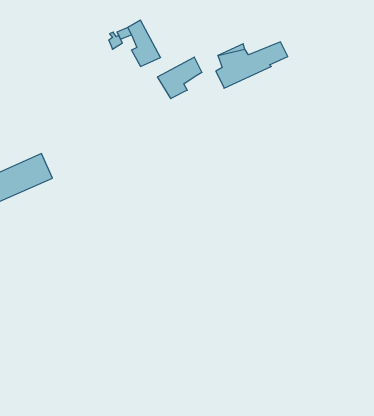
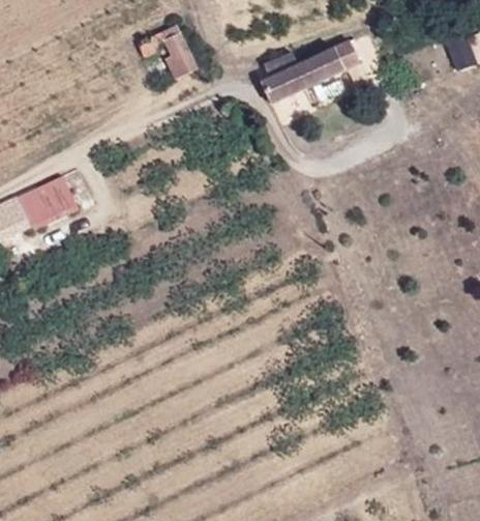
building: [158,57,202,99] -> none

